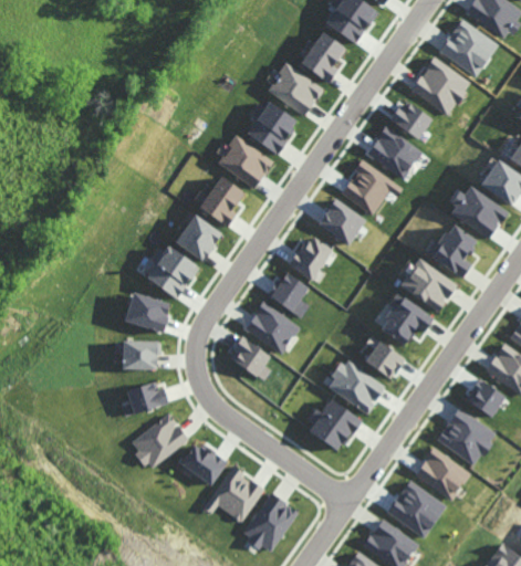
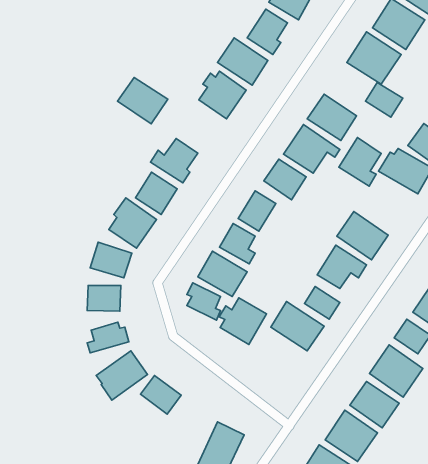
building: [392,99,434,138] -> [365,82,403,117]
building: [217,136,273,188] -> [117,77,168,124]
building: [429,222,477,276] -> [339,138,381,186]
building: [306,399,360,451] -> [219,298,266,344]
building: [204,465,264,523] -> none

